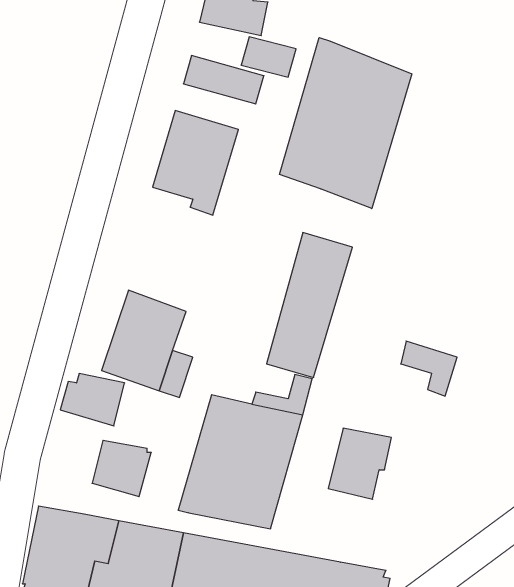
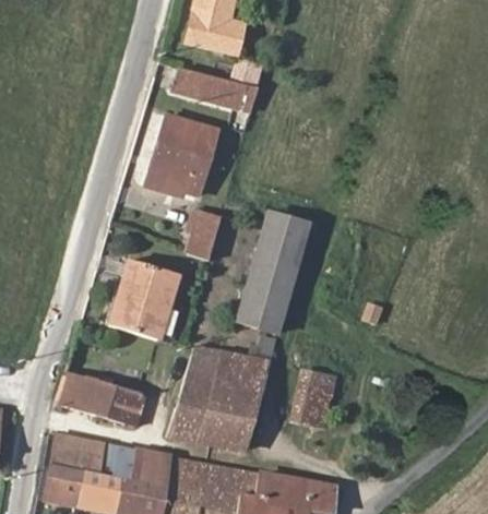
building: [280,38,412,209] -> none
building: none -> [188,208,219,261]
building: [60,374,125,426] -> [56,373,108,416]

